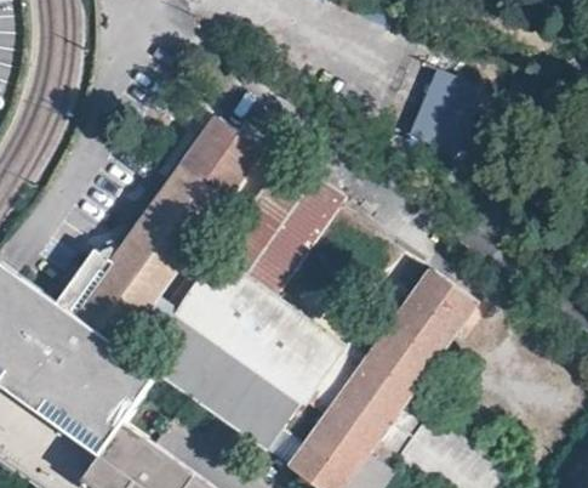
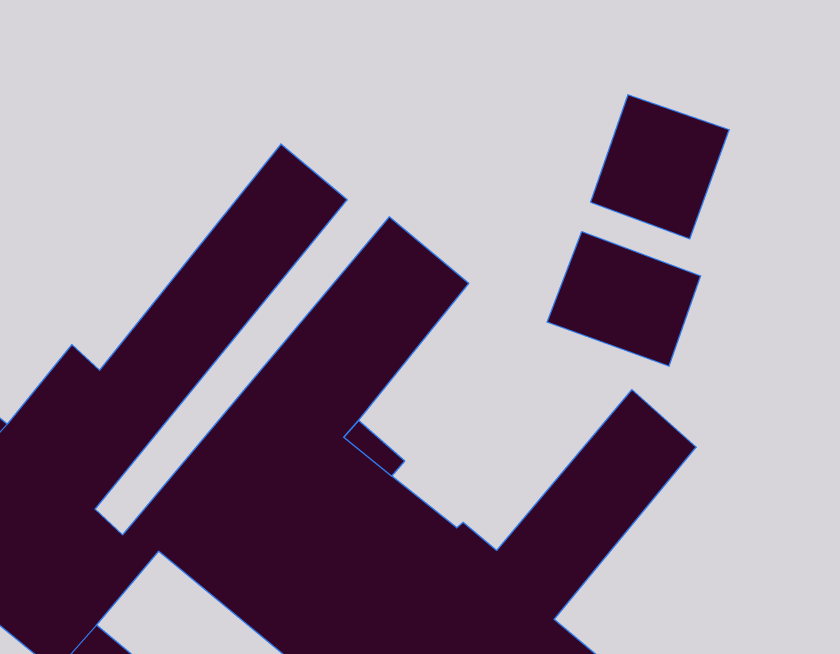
building: none -> [547,232,701,366]

